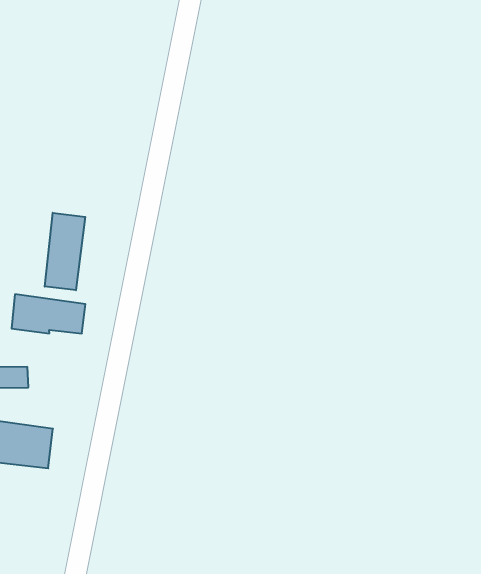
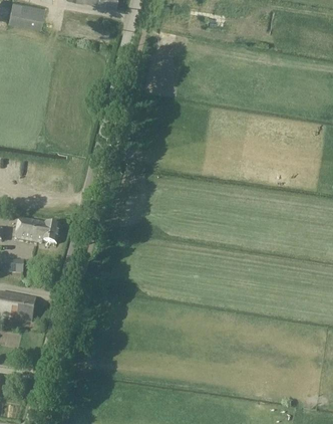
building: [45,213,85,290] -> none

